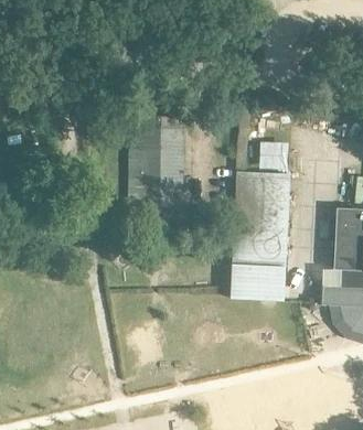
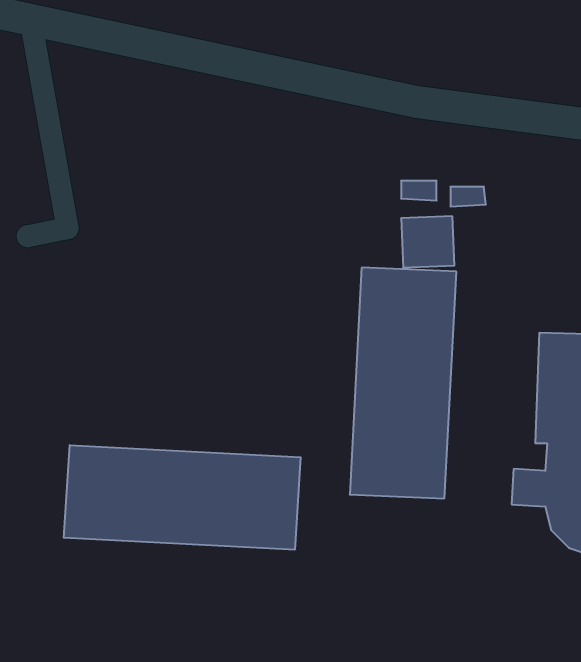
building: [128,117,184,206] -> none
building: none -> [64,445,301,550]

